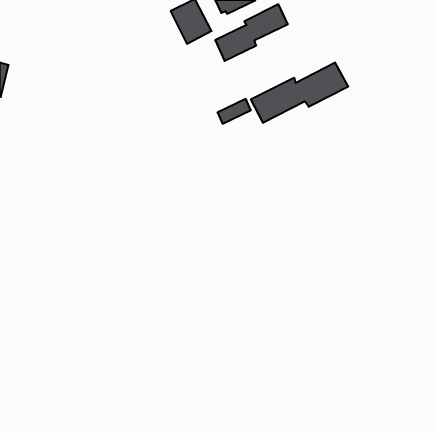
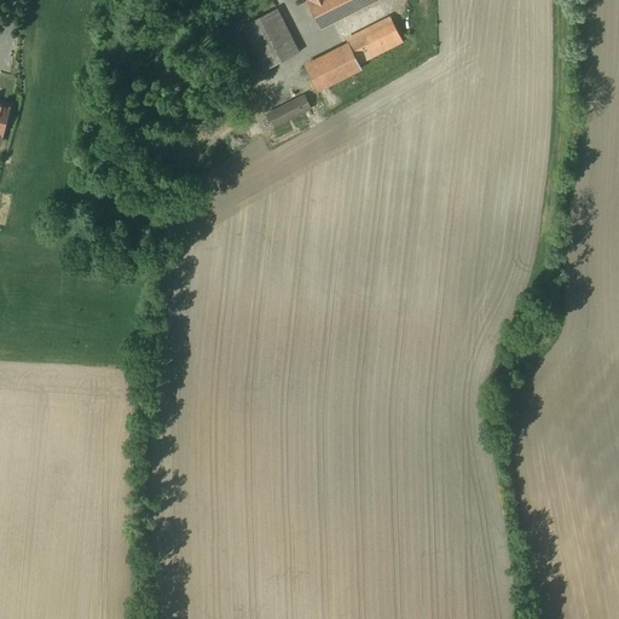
building: [251,62,348,123] -> none
building: [217,99,251,124] -> [265,91,312,126]

